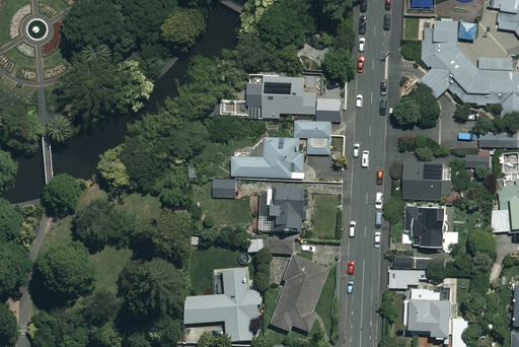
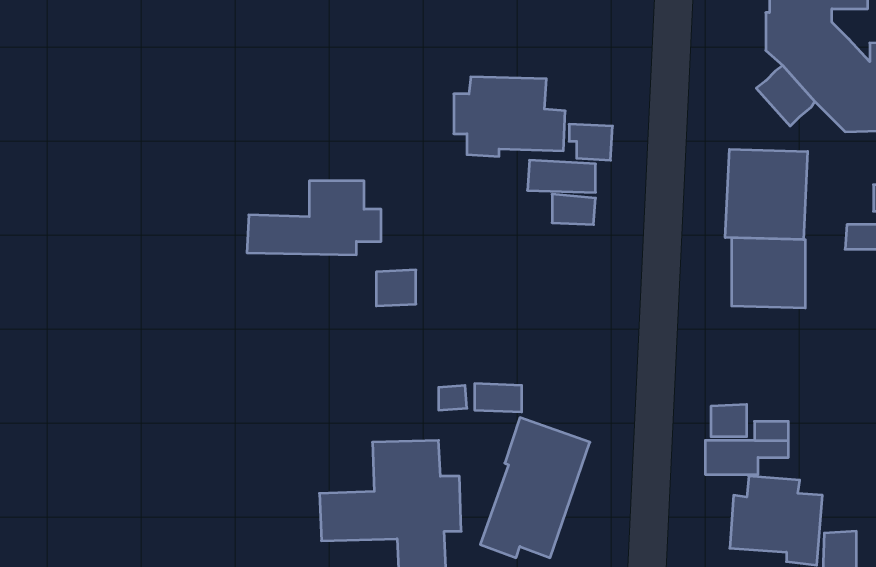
building: none -> [725,149,808,240]
building: [231,137,303,177] -> [247,181,381,255]
building: [267,187,307,231] -> none
building: [404,204,445,246] -> none

